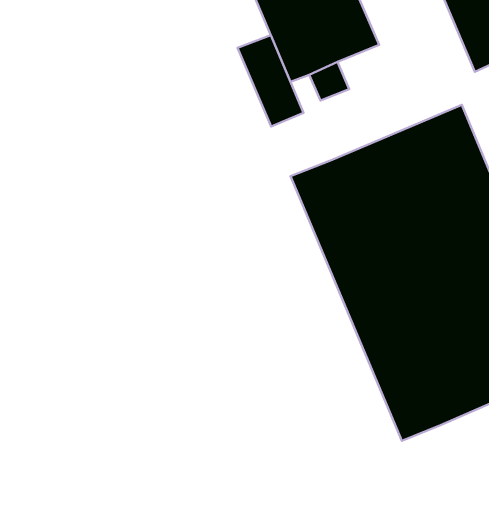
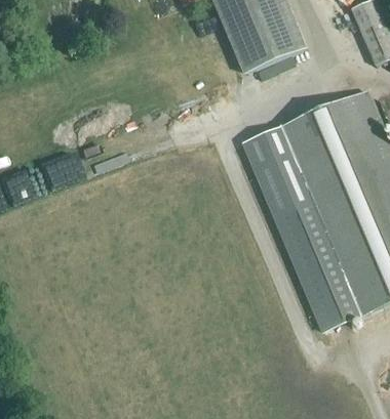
building: [237,35,303,127] -> none

